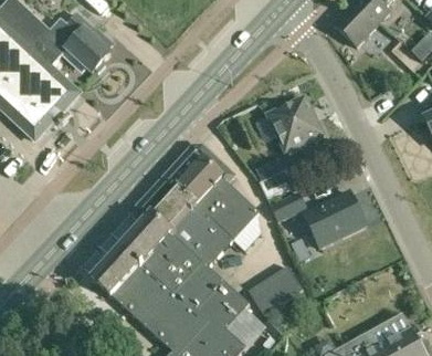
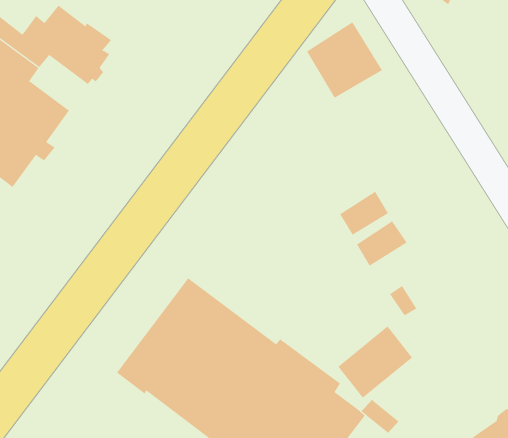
building: [270,97,323,150] -> [306,22,383,99]
building: [149,147,260,269] -> none
building: [305,191,367,247] -> none

